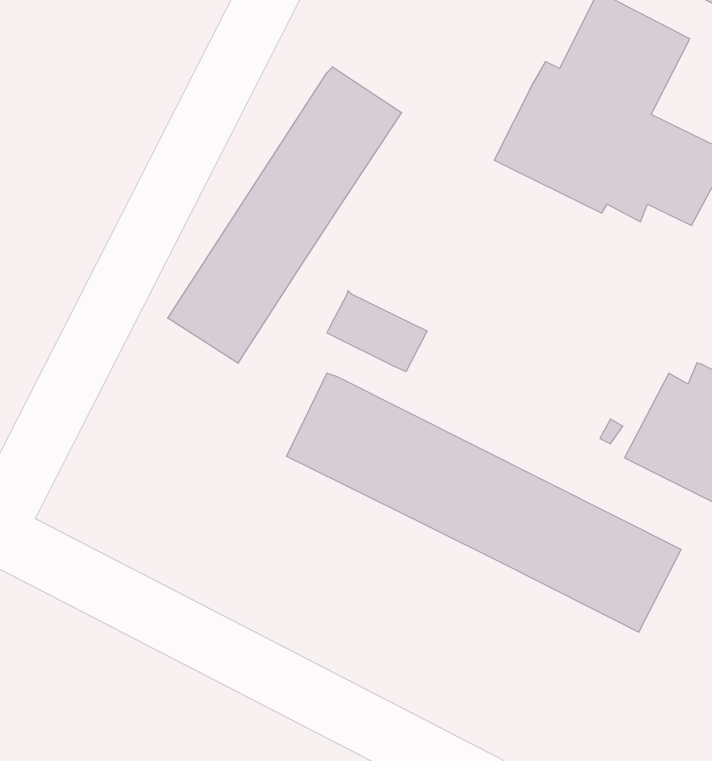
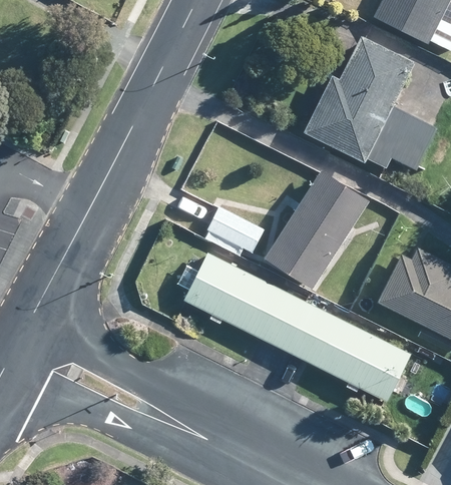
building: [168,67,402,363] -> none
building: none -> [266,171,368,289]

